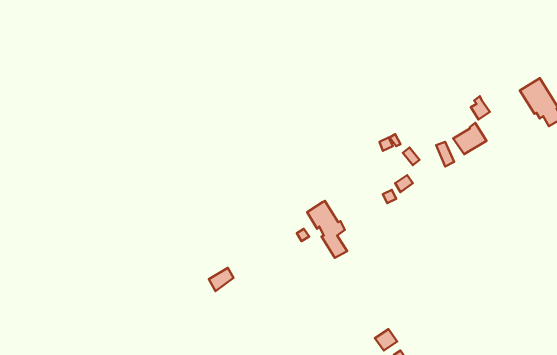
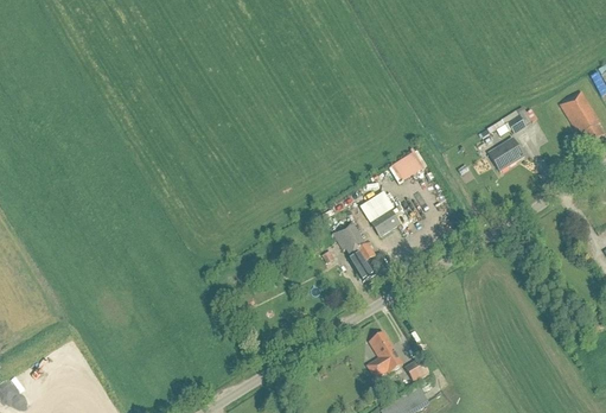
building: none -> [359,191,400,236]
building: none -> [365,332,402,379]

